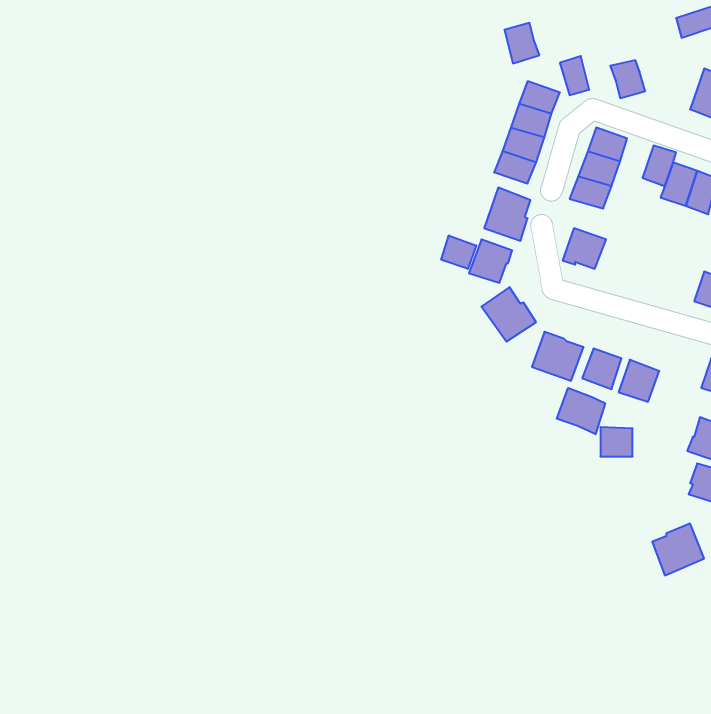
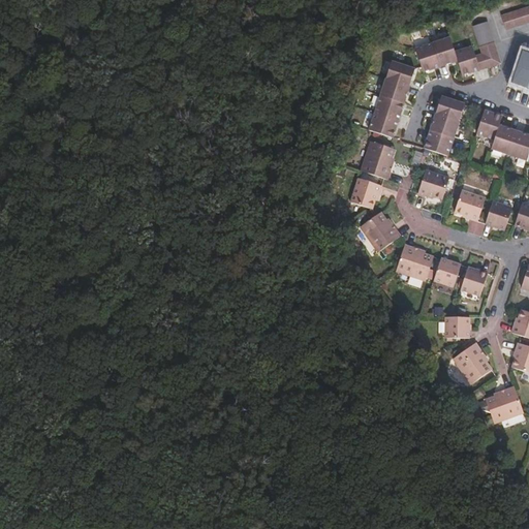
building: [504,23,539,63] -> [432,36,458,66]
building: none -> [474,20,500,67]
building: [441,235,476,269] -> none
building: none -> [454,188,486,219]
building: none -> [486,199,512,229]
building: [557,388,605,434] -> none
building: none -> [452,342,491,384]

